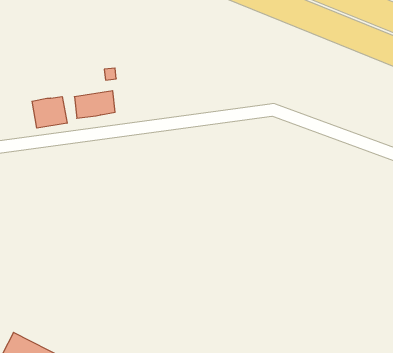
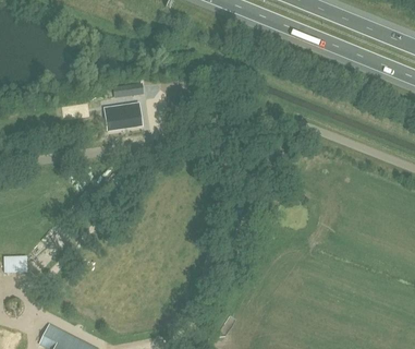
building: [32,97,67,128] -> none

